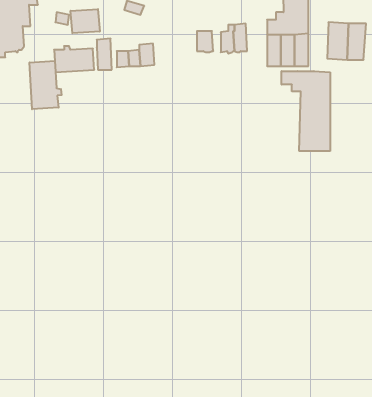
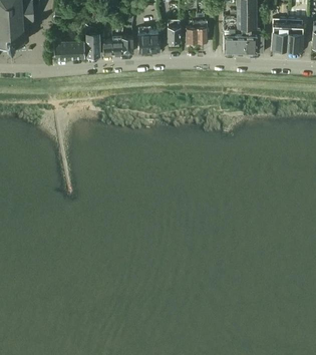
building: [71,9,100,33] -> none
building: none -> [137,32,159,53]
building: [30,61,62,109] -> none
building: [282,71,330,151] -> none

